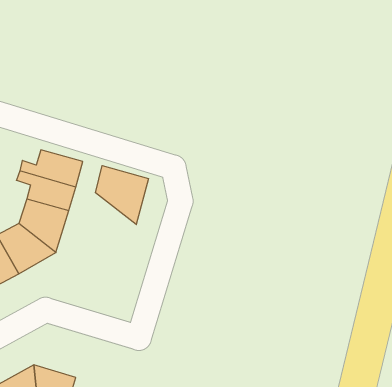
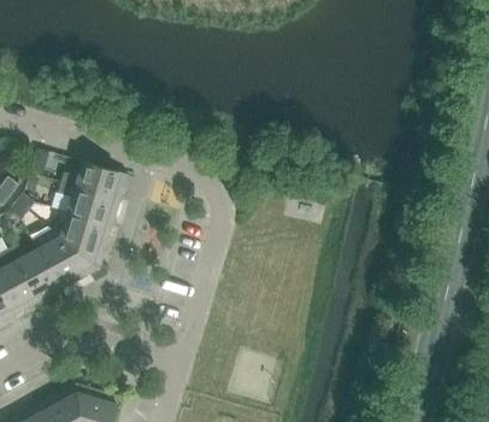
building: [96,166,148,225] -> none

